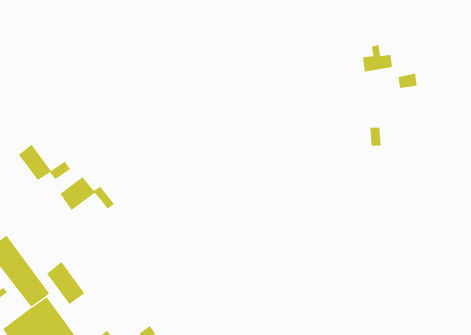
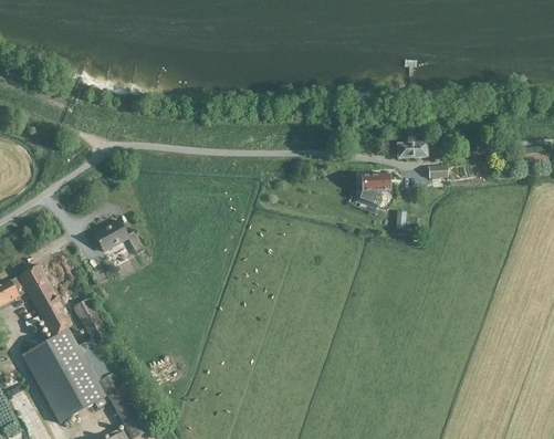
building: none -> [357,174,390,206]
building: [18,144,71,181] -> none

